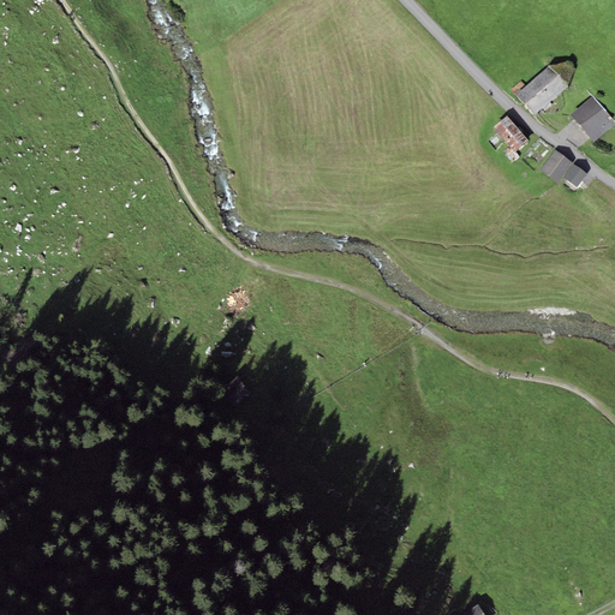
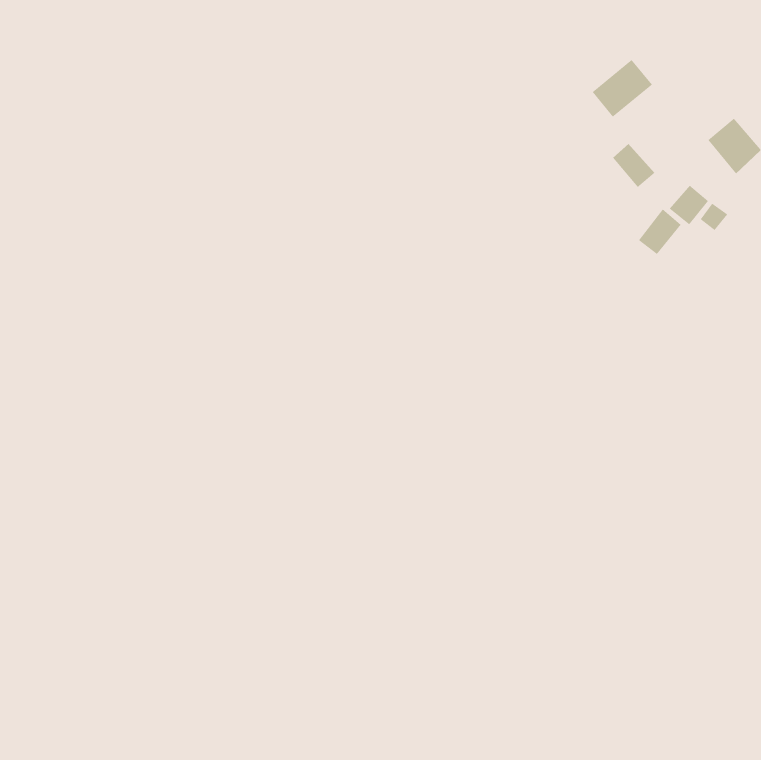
building: [518,66,567,113] -> [592,59,653,117]
building: none -> [638,209,682,255]

